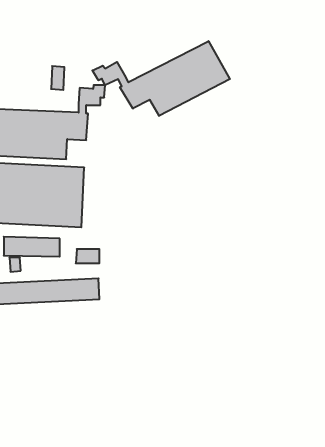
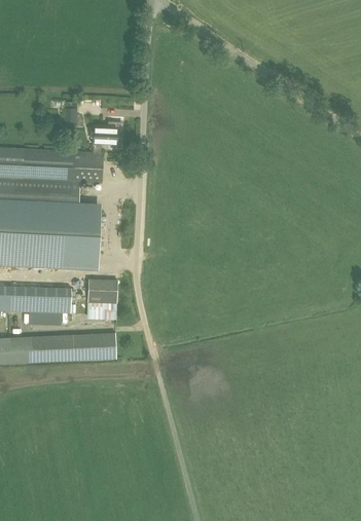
building: [92,41,230,116] -> none
building: none -> [89,281,118,298]

